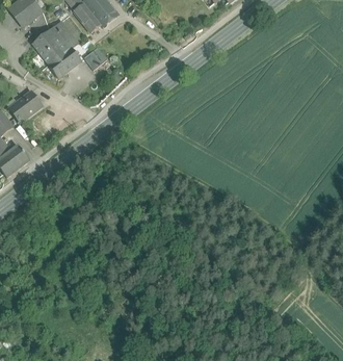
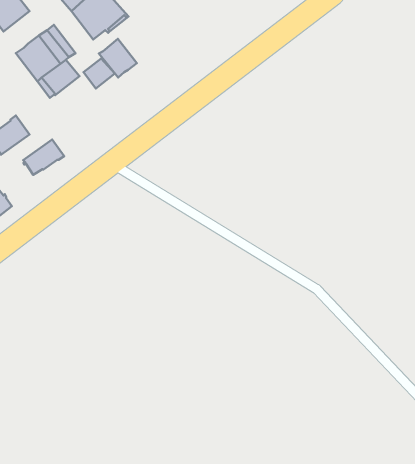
building: none -> [99,39,137,78]
building: none -> [23,139,64,175]

